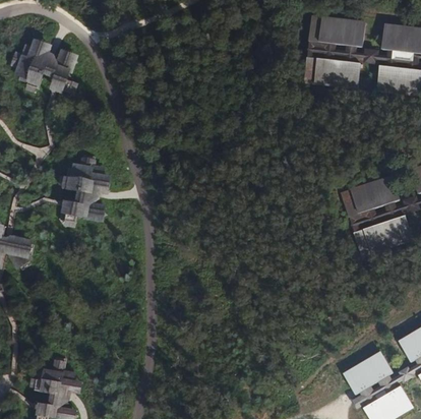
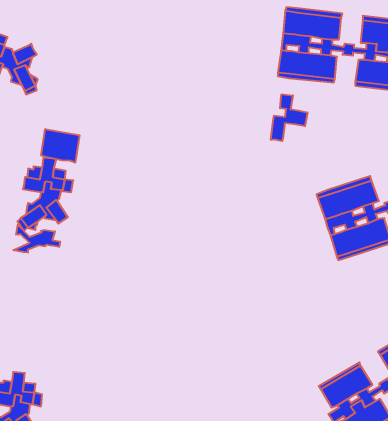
building: none -> [271,94,307,141]
building: none -> [41,129,80,163]
building: none -> [13,225,60,253]

